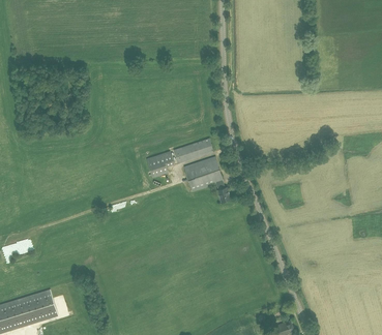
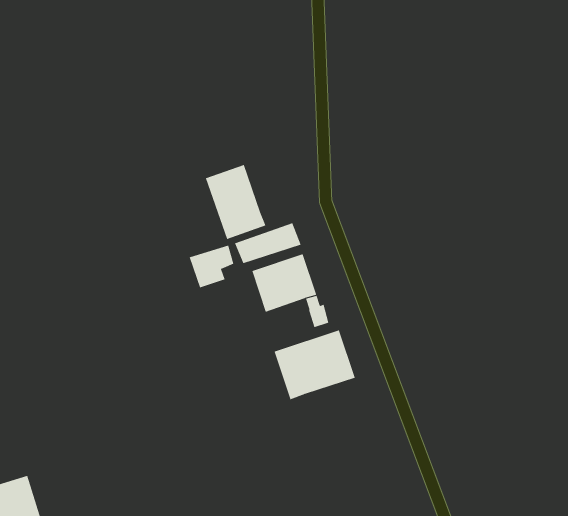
building: none -> [205,164,266,240]
building: none -> [274,329,356,400]

